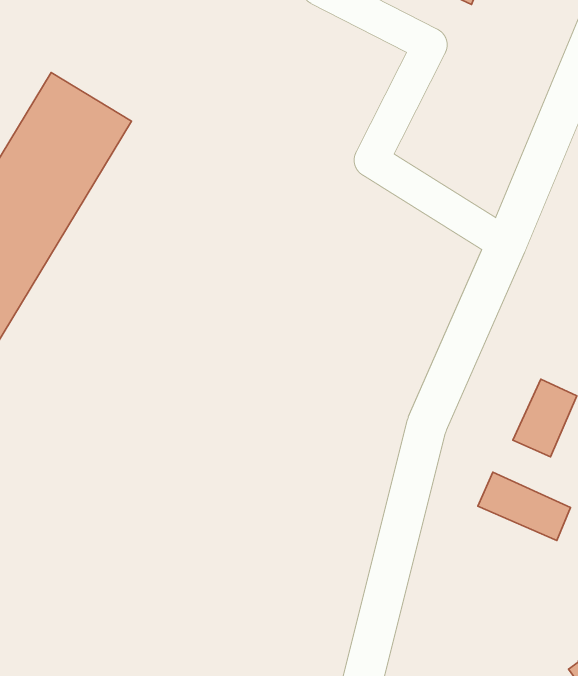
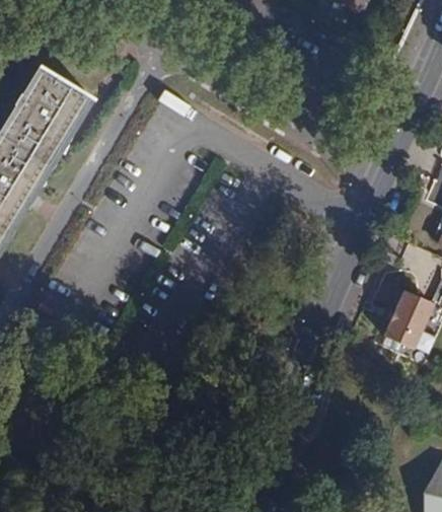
building: [478,472,571,541] -> none

